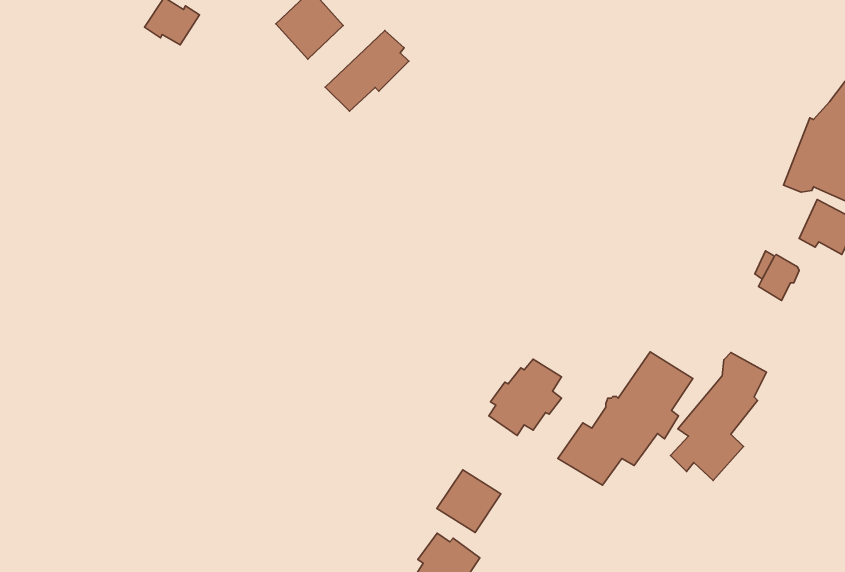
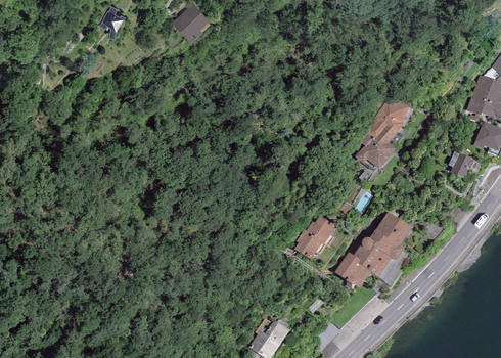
building: [325,30,409,111] -> none
building: [671,353,766,480] -> [354,98,409,172]
building: [437,470,501,533] -> none

